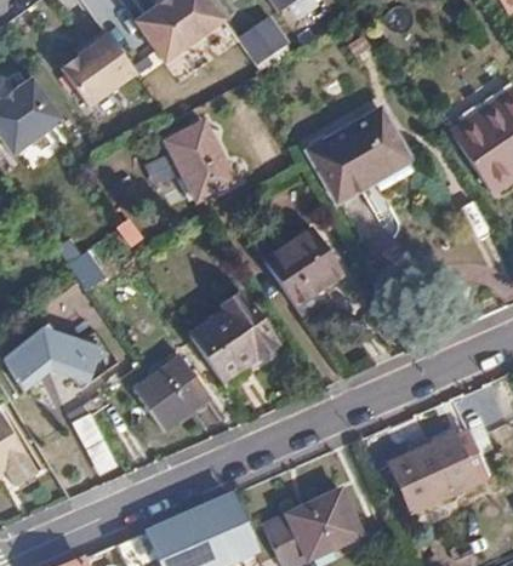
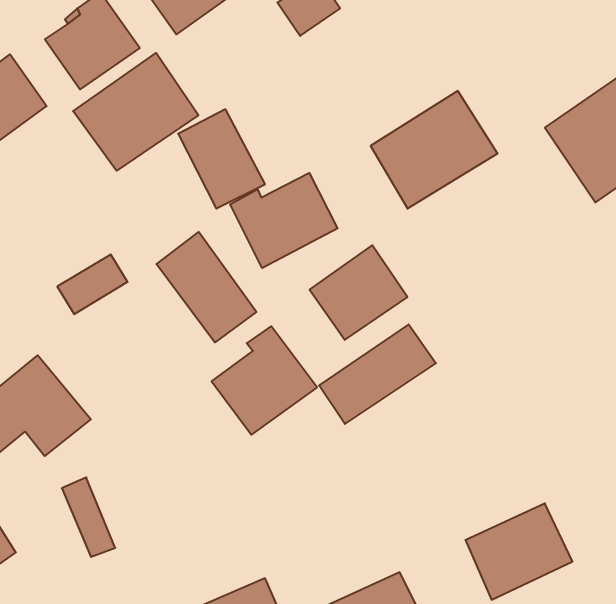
building: none -> [73,53,198,171]
building: none -> [230,173,338,268]
building: none -> [156,232,256,342]
building: none -> [319,324,436,424]
building: [132,351,207,427] -> none

